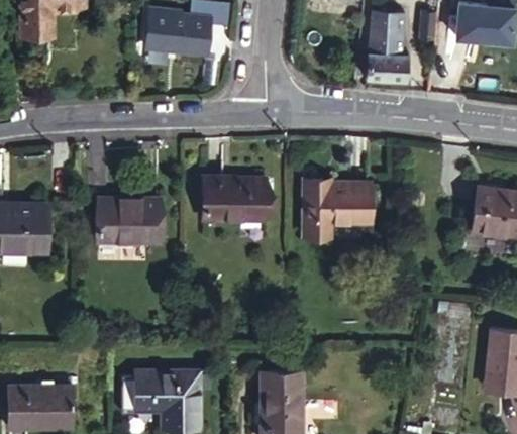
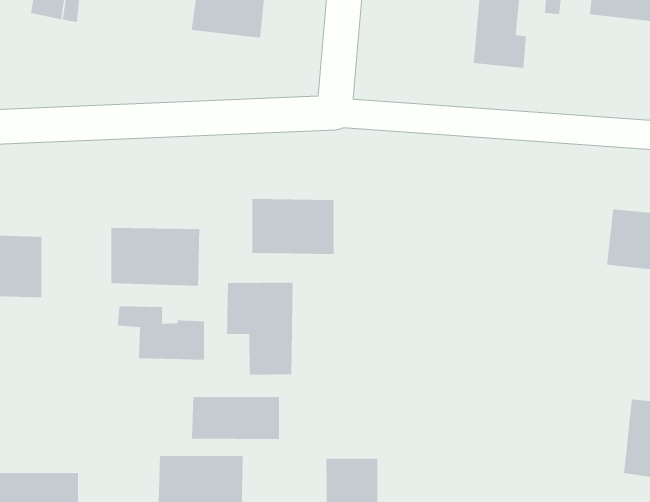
building: [303,177,371,236] -> none
building: none -> [226,282,293,376]
building: none -> [117,305,205,360]
building: none -> [191,396,280,440]

